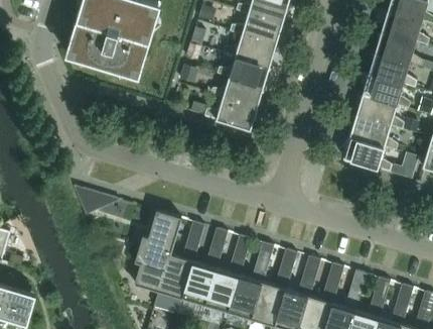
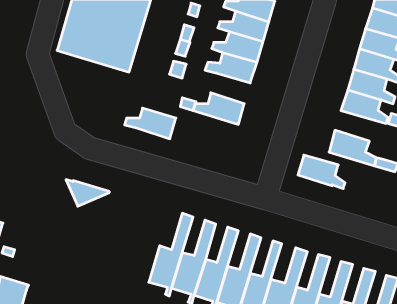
building: [210,78,263,109] -> [125,108,176,139]
building: [349,116,398,150] -> [298,155,345,189]
building: [135,210,181,299] -> none

